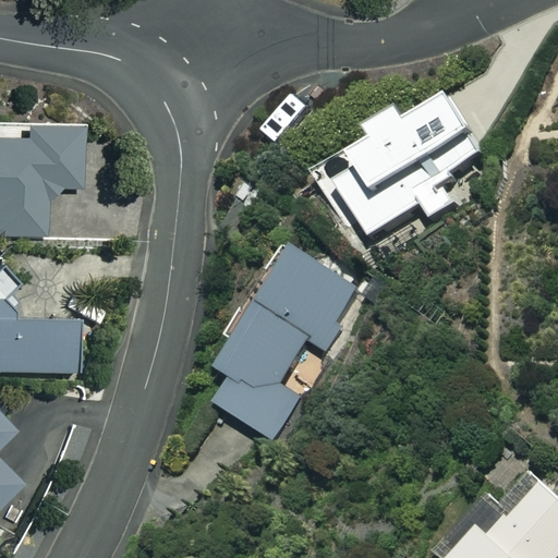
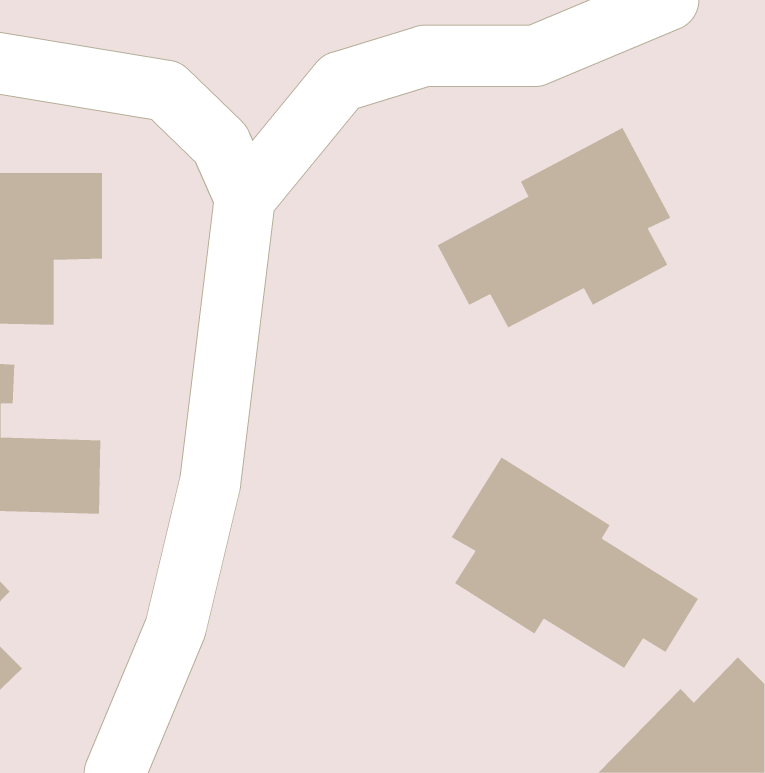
building: [215,250,359,442] -> none
building: none -> [451,457,699,669]

